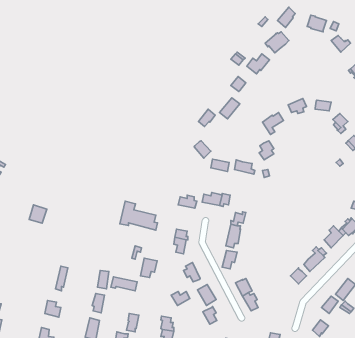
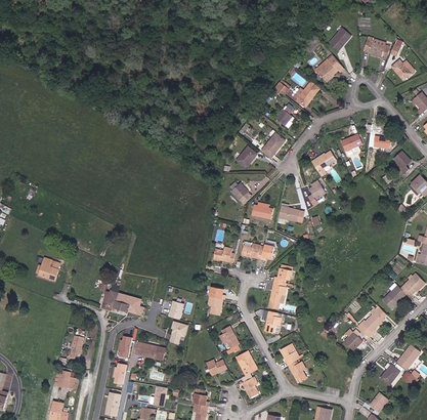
building: [120,201,158,230] -> [101,281,145,314]

